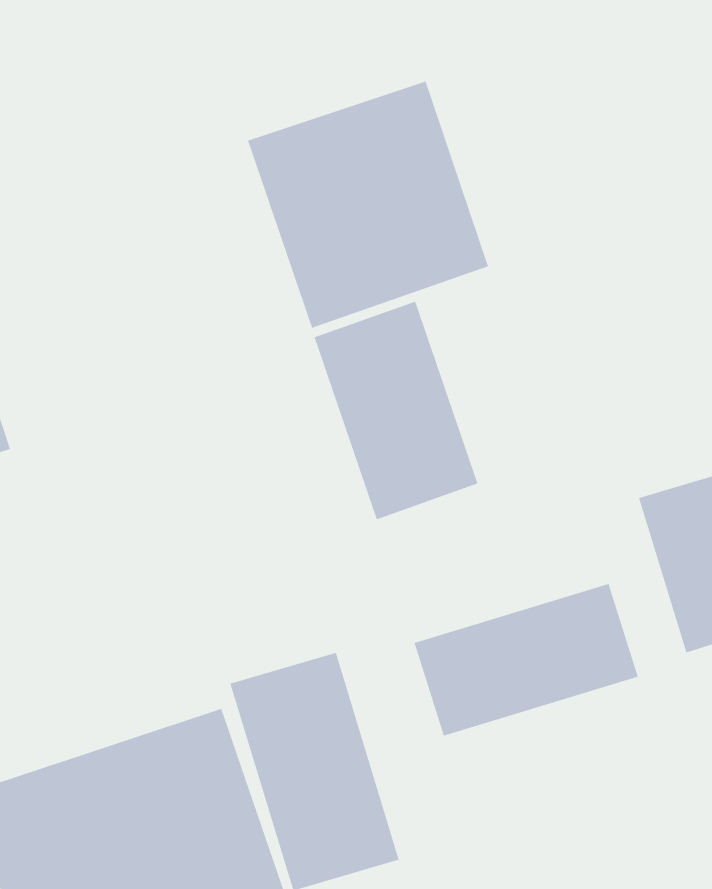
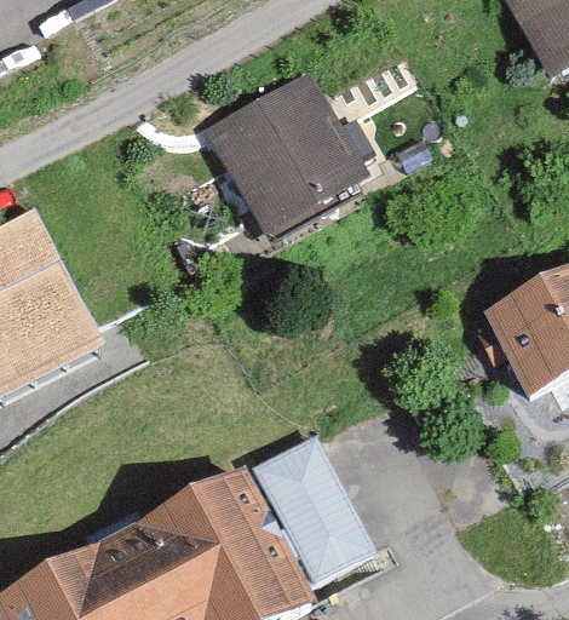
building: [314,301,478,520] -> none
building: [414,583,639,737] -> none

